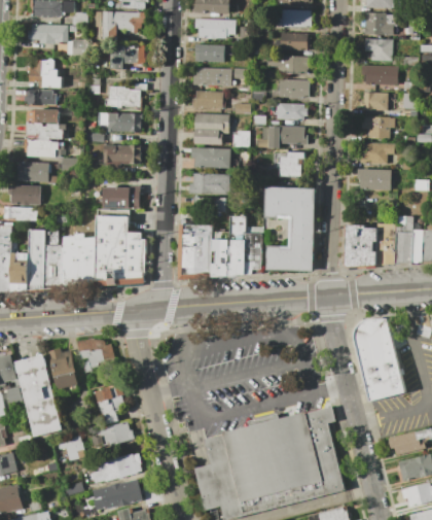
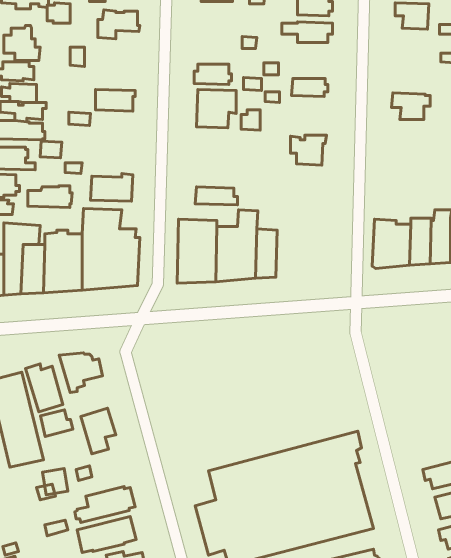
building: [194,44,224,63] -> none
building: [361,66,397,85] -> none
building: [192,68,231,85] -> none
building: [279,79,310,98] -> none
building: [105,83,146,107] -> none
building: [360,92,394,110] -> none
building: [257,127,308,148] -> none
building: [358,142,395,165] -> none
building: [104,145,142,164] -> [28,186,72,207]
building: [191,148,230,168] -> none
building: [356,169,390,189] -> none
building: [189,174,229,196] -> none
building: [265,187,314,271] -> none
building: [352,317,407,403] -> none
building: [107,422,135,445] -> [40,410,73,436]

